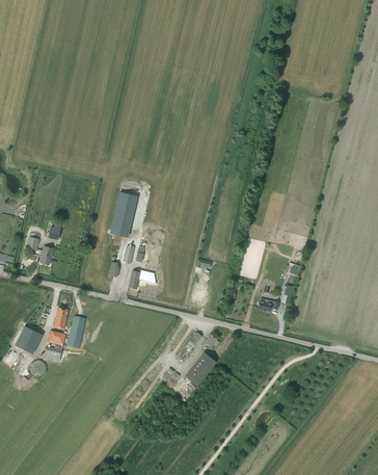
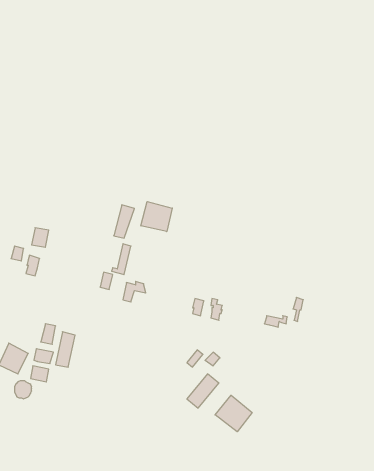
building: none -> [141,202,172,232]
building: none -> [215,395,252,432]

